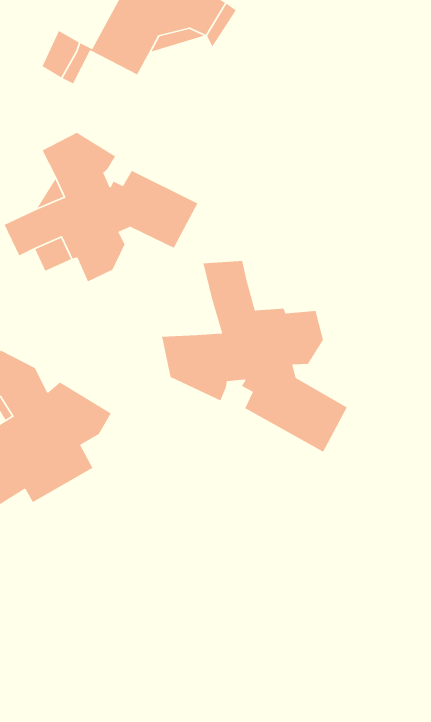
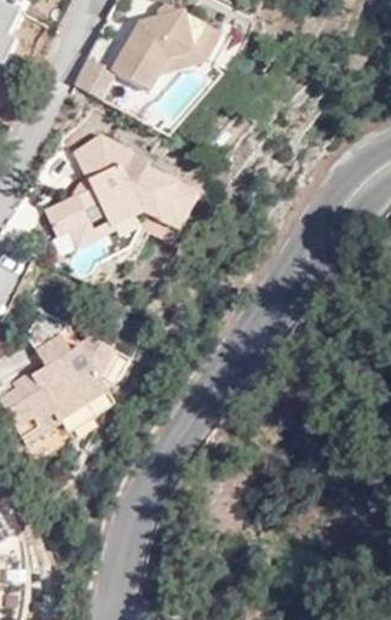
building: [161,260,348,453] -> none

